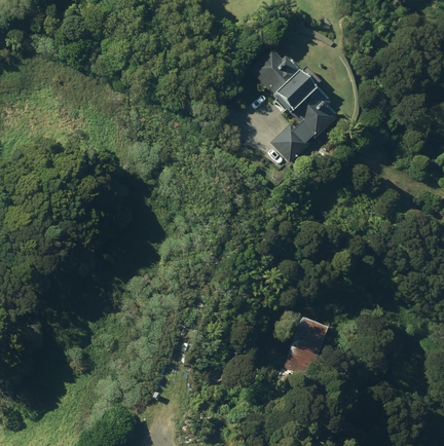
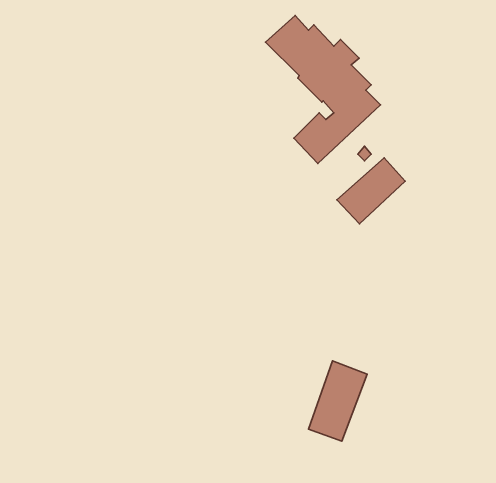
building: none -> [337,158,405,224]

